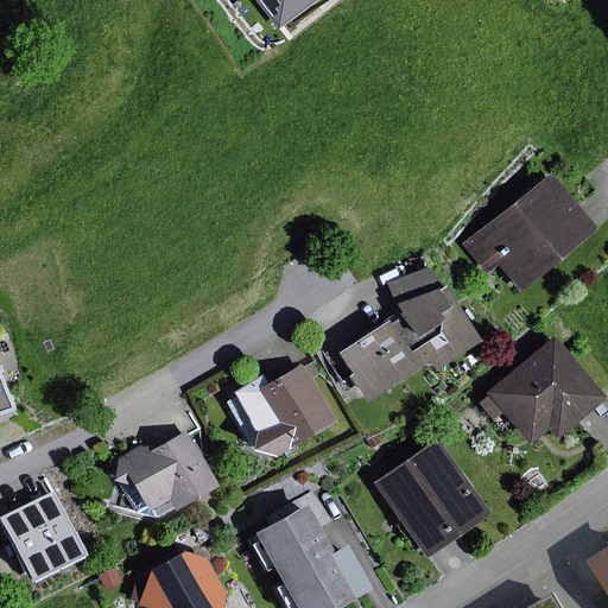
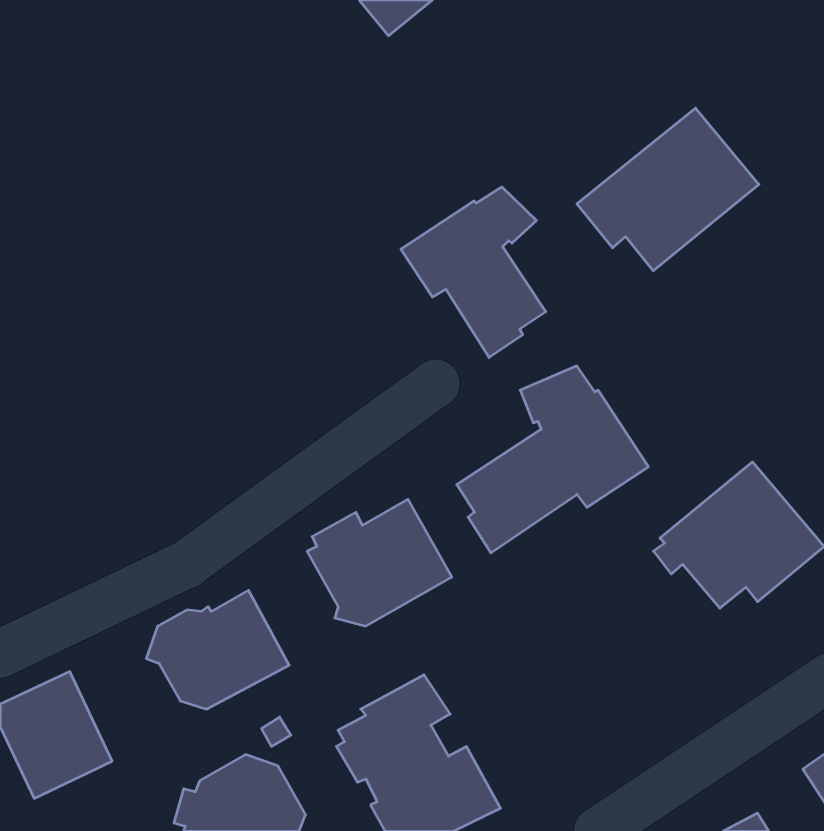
building: none -> [401,187,546,358]
building: [464,173,597,292] -> [577,108,759,271]
building: [374,439,490,559] -> none

